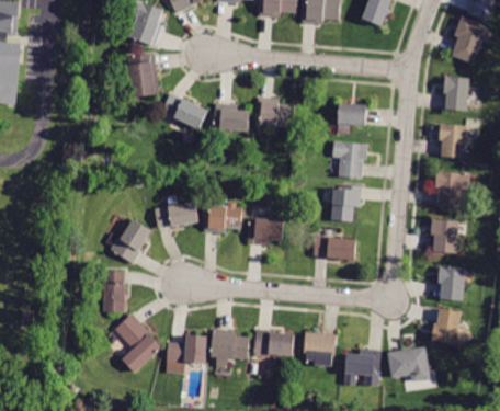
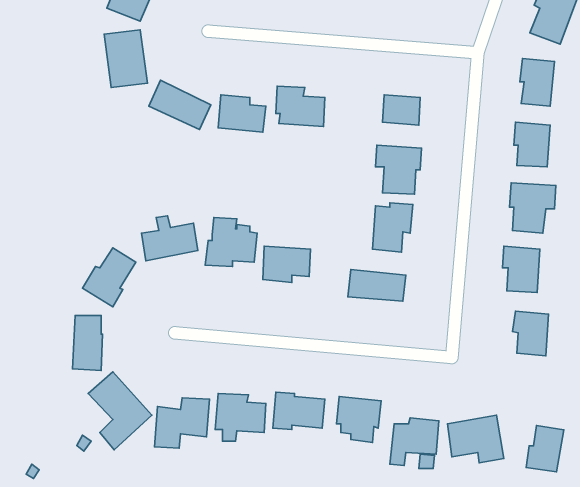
building: [431,309,459,344] -> [526,426,564,472]

